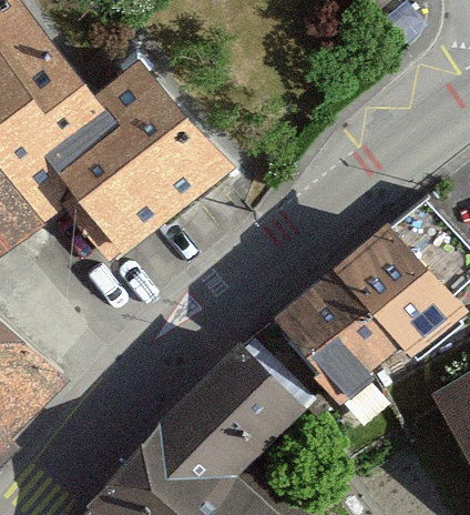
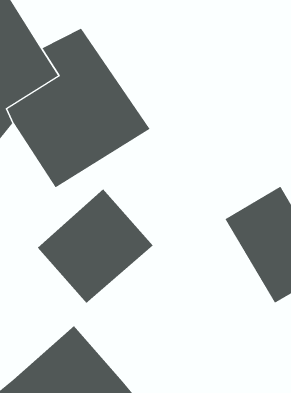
building: [272,272,405,413] -> none
building: [168,337,307,477] -> [37,188,153,304]

